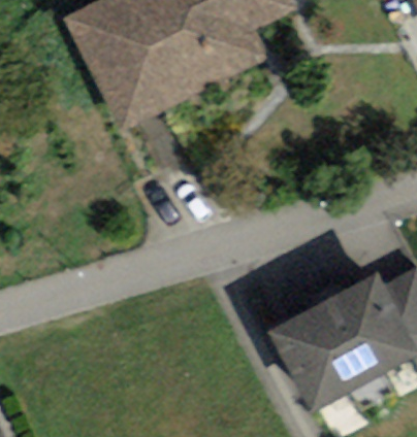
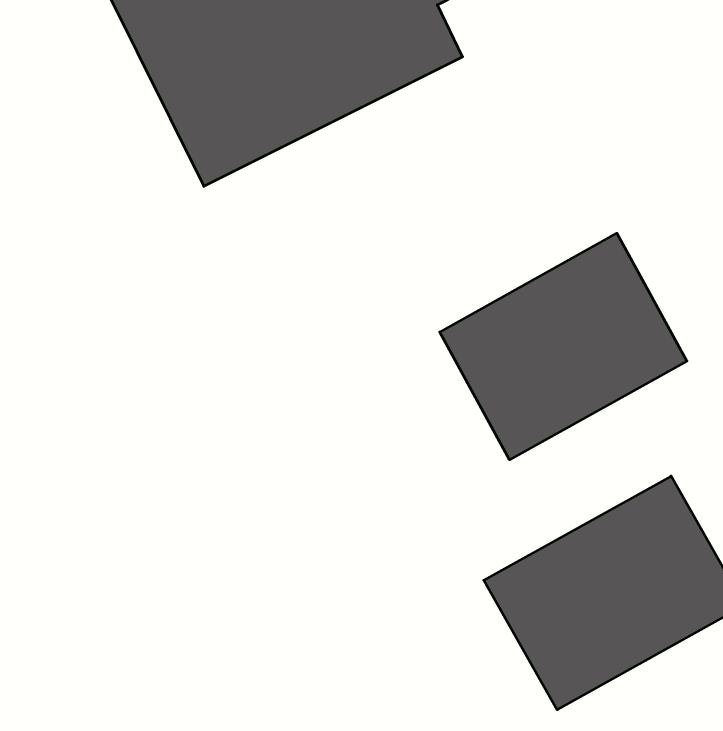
building: none -> [440,233,687,460]

